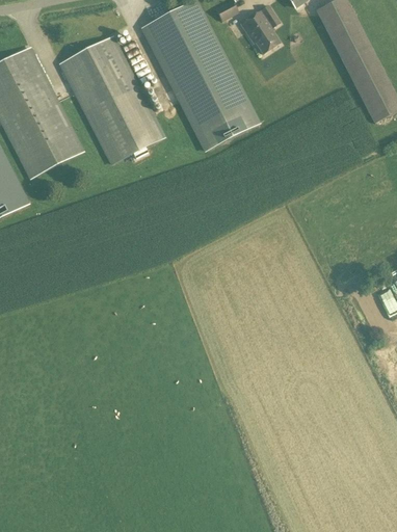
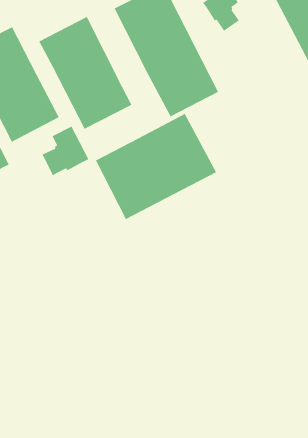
building: none -> [95,113,217,220]
building: none -> [42,125,89,176]

